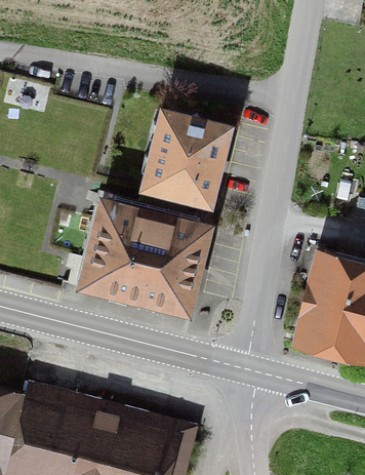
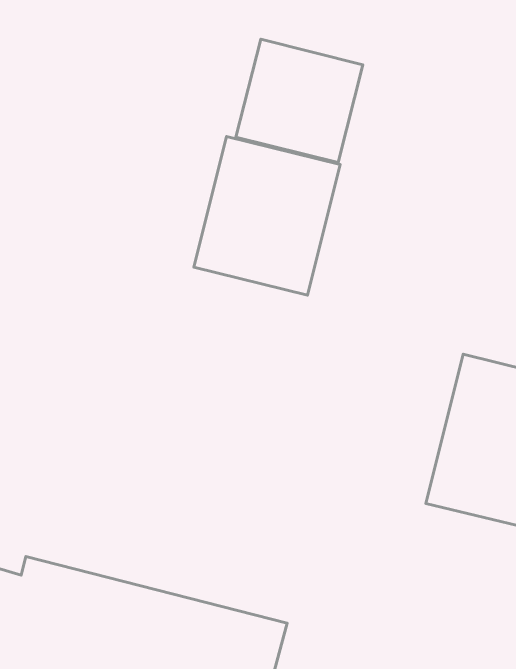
building: none -> [236,39,363,163]
building: [76,195,214,318] -> none

